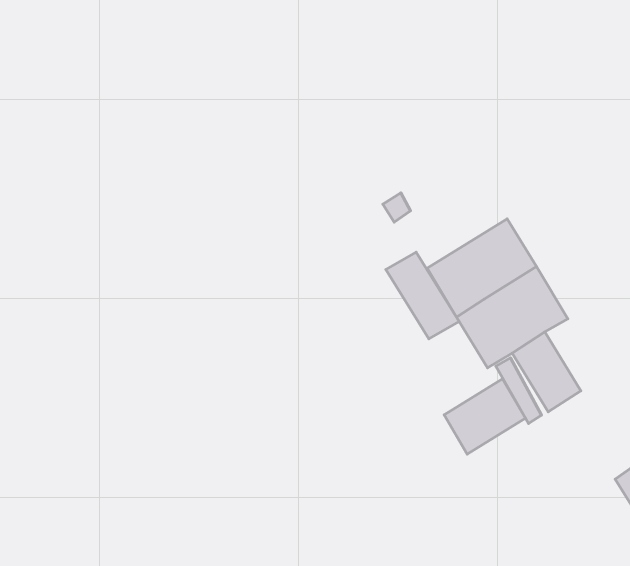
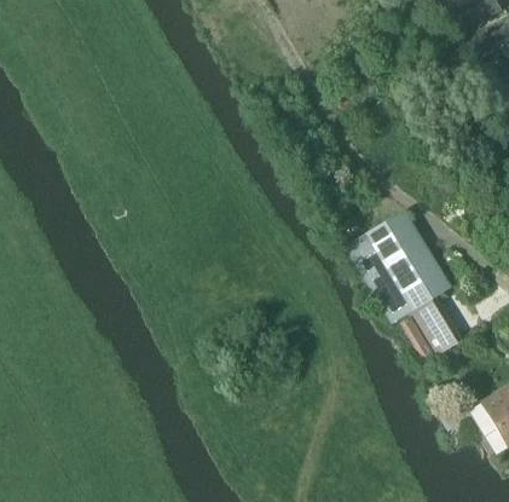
building: [386,252,459,339] -> none
building: [444,379,526,454] -> none

